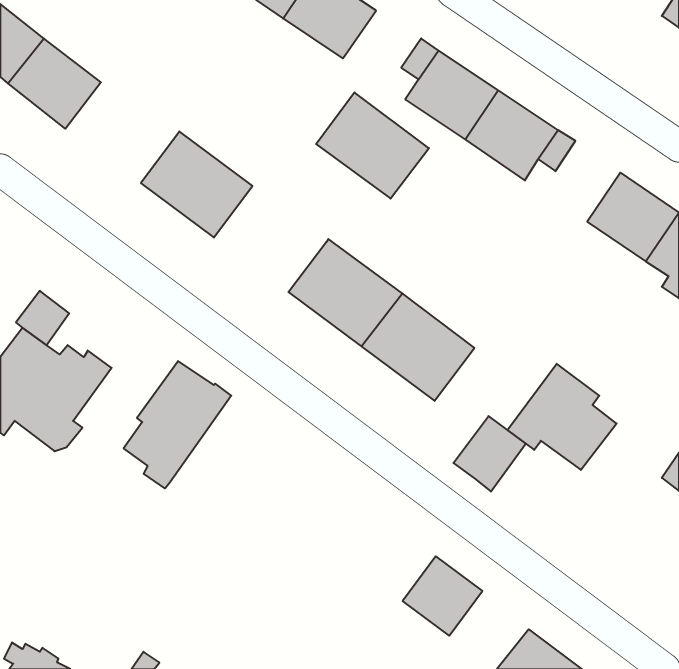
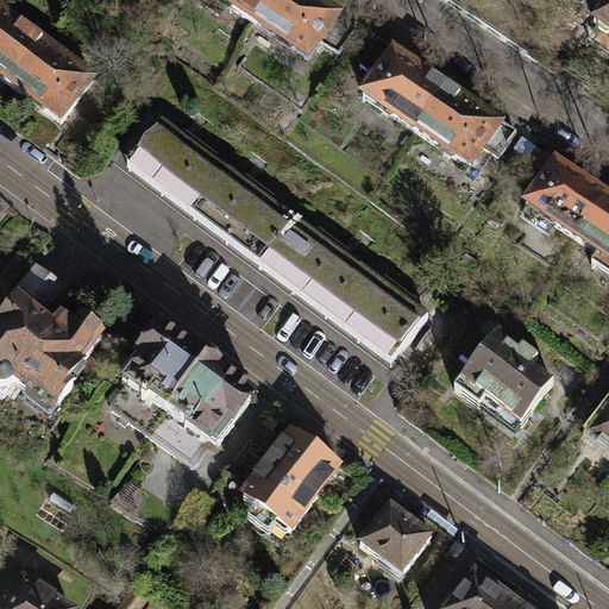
building: [316,92,429,199] -> [192,167,293,262]
building: none -> [152,354,252,460]
building: [453,416,526,492] -> none
building: none -> [244,426,340,528]

